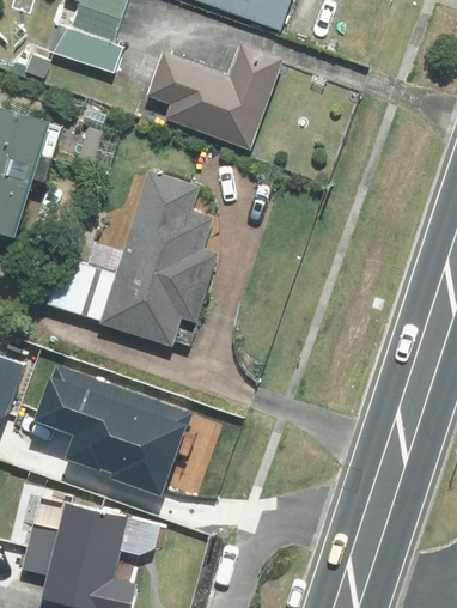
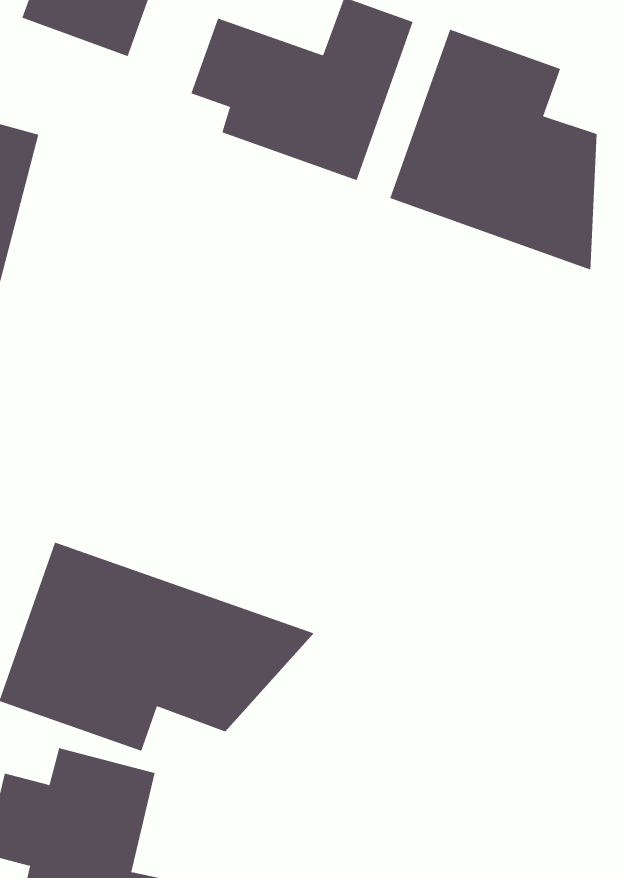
building: none -> [389,29,597,271]
building: [48,169,220,342] -> none

